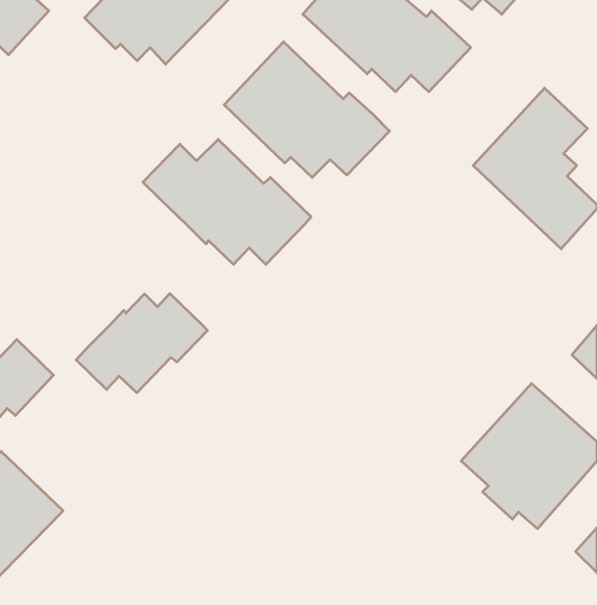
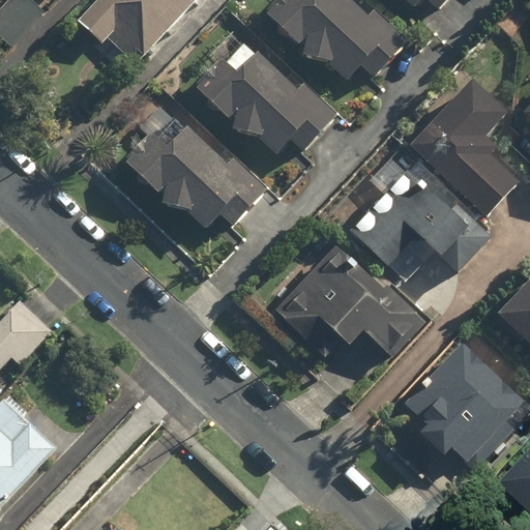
building: none -> [349,171,491,272]
building: none -> [269,236,426,361]
building: [76,294,207,393] -> none

